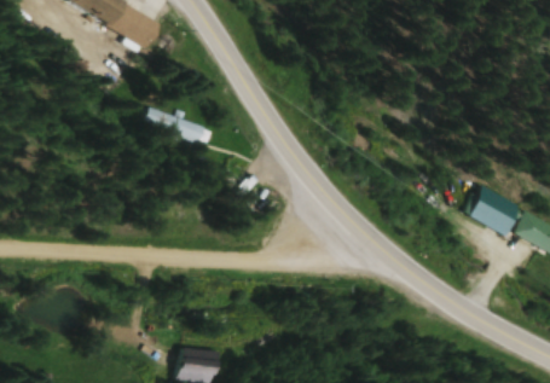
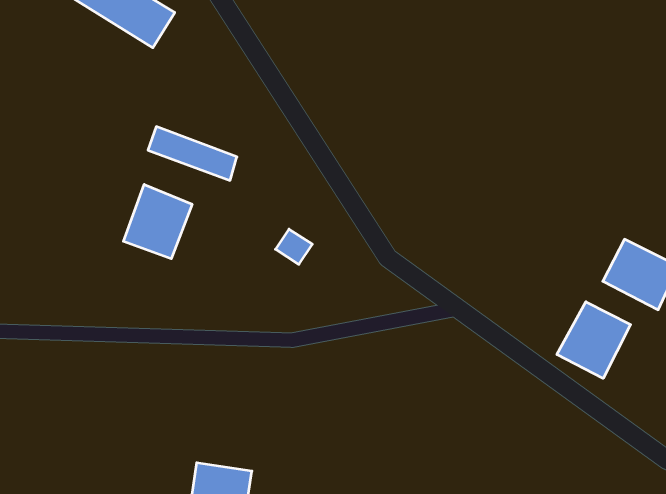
building: none -> [123,184,192,259]
building: none -> [557,302,631,378]

